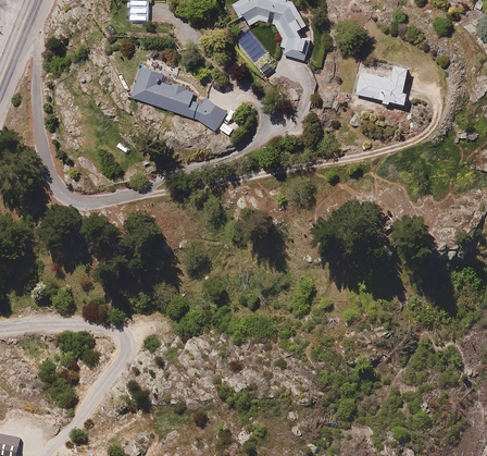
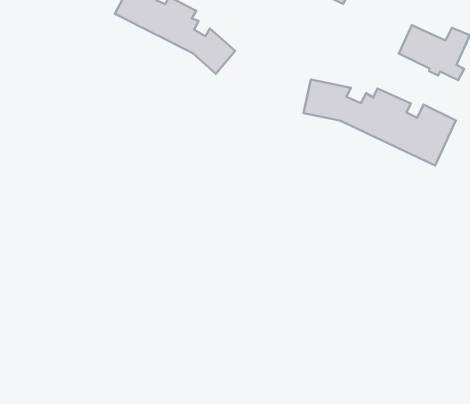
building: none -> [303,80,456,166]

